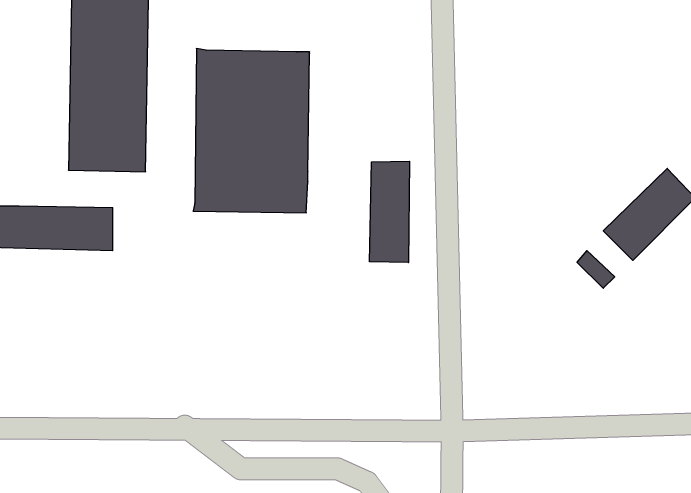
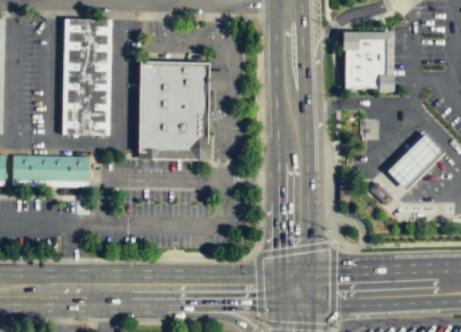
building: none -> [344,37,386,87]
building: [370,161,409,263] -> none

